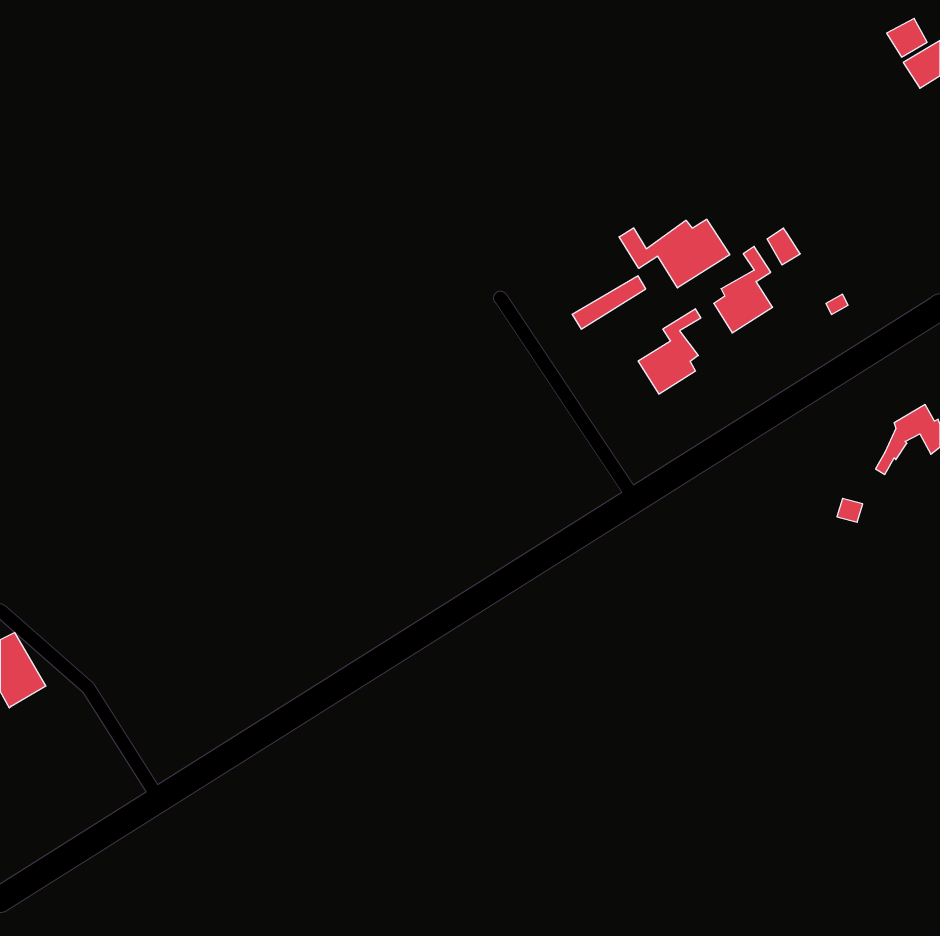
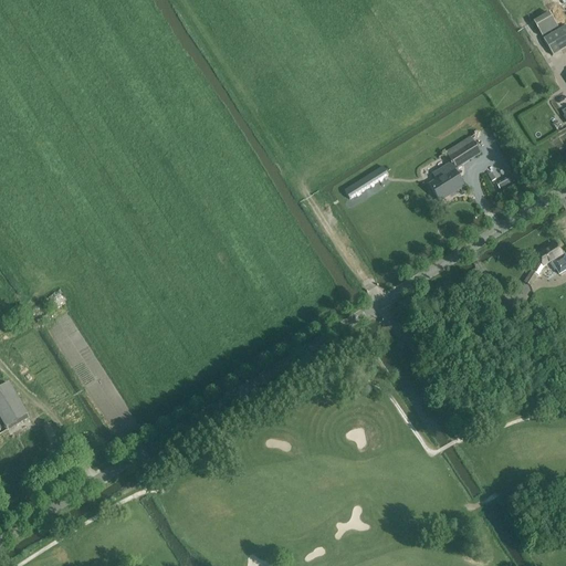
building: [619,219,730,288] -> none
building: [638,309,701,394] -> none

